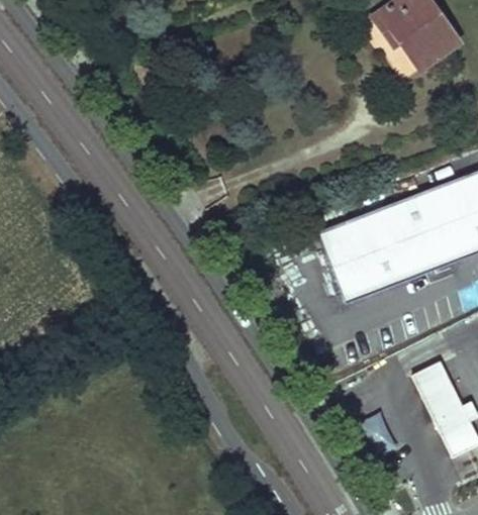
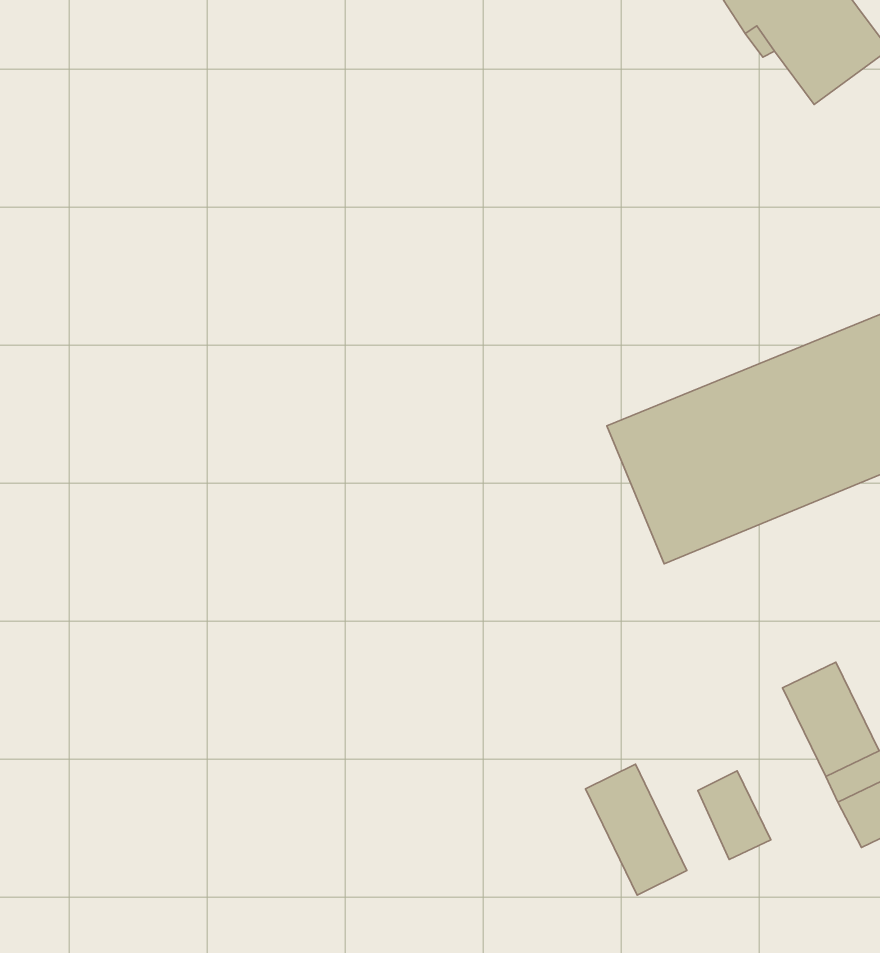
building: none -> [586,764,687,895]

